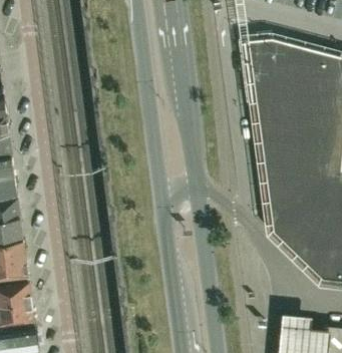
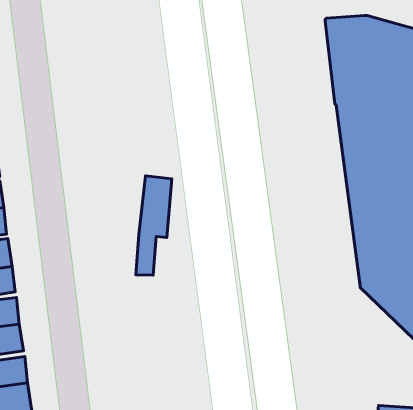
building: none -> [136,176,172,275]

